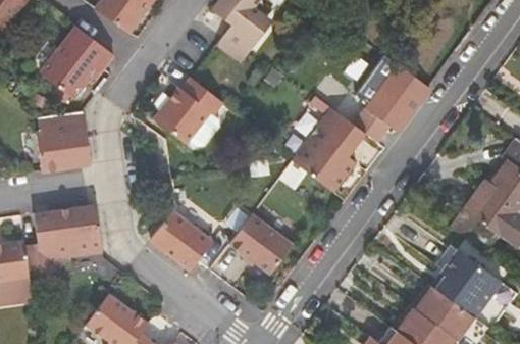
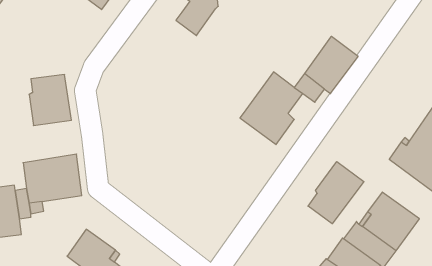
building: [41,27,112,98] -> none
building: [151,80,220,149] -> none
building: [229,205,294,274] -> none
building: [150,210,212,269] -> none
building: none -> [308,162,364,224]

